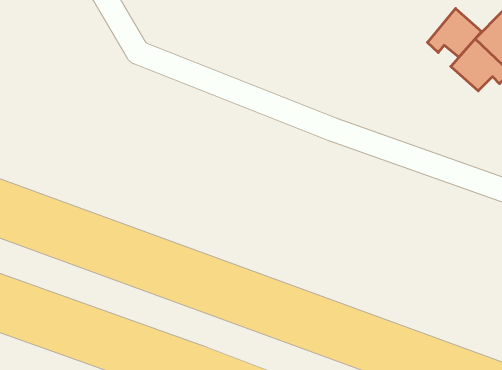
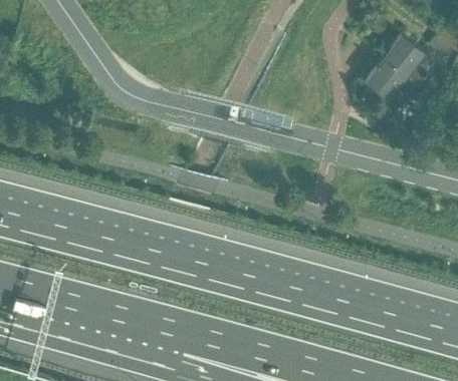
building: [427,8,482,57] -> none

